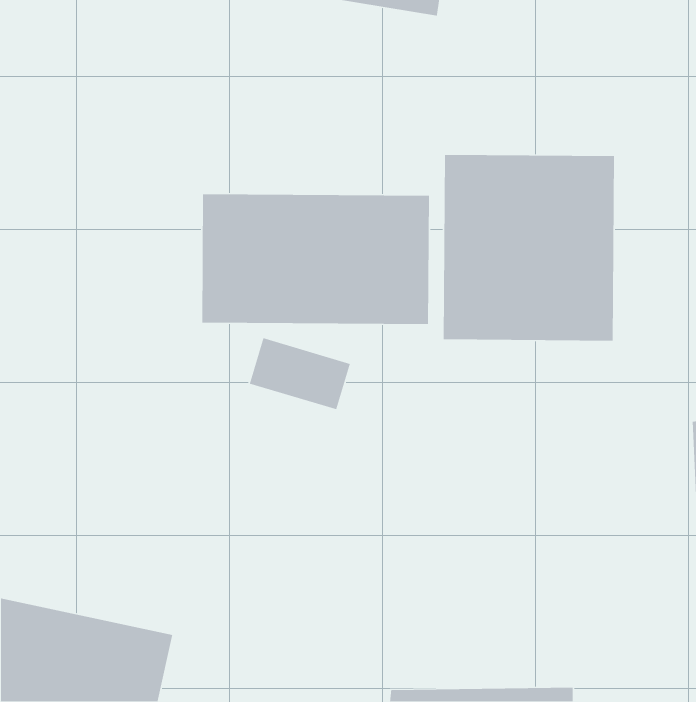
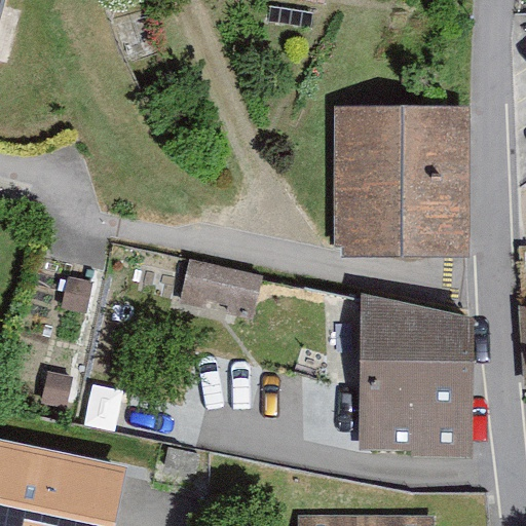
building: [201,193,430,325] -> none
building: none -> [358,311,469,450]

